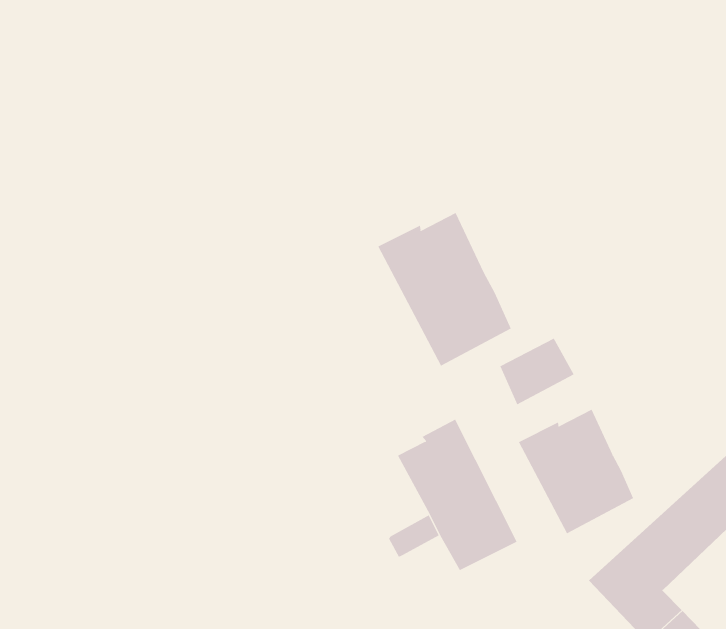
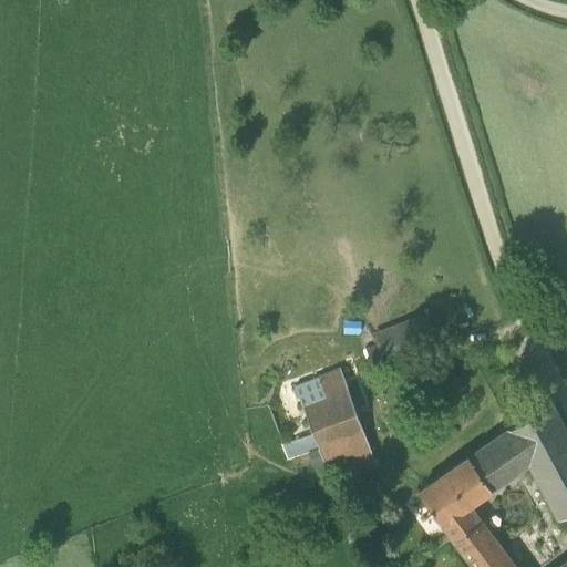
building: [377,212,512,366] -> none
building: [518,409,634,534] -> none

